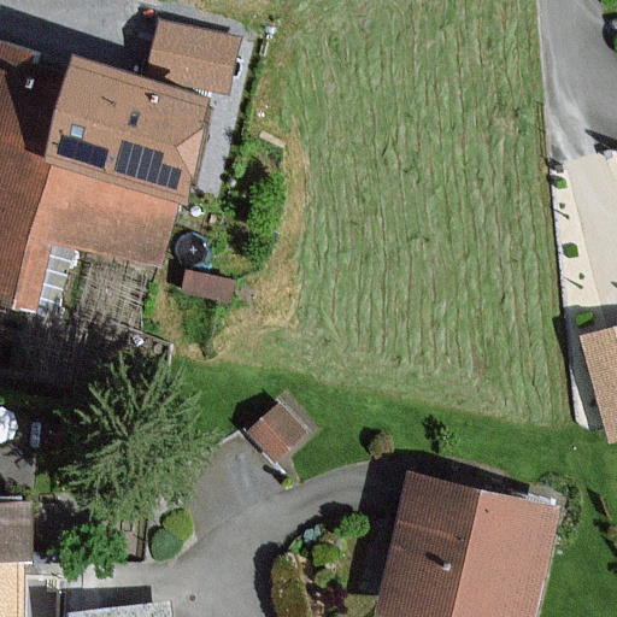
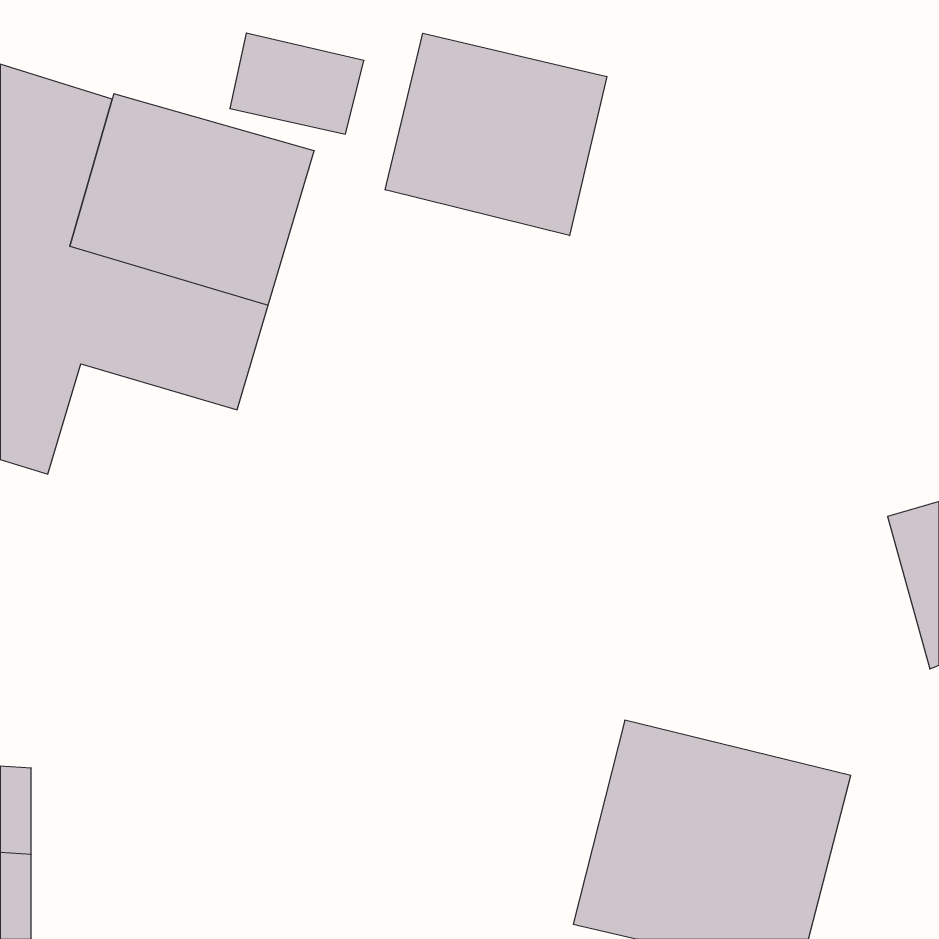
building: none -> [385,33,607,236]

